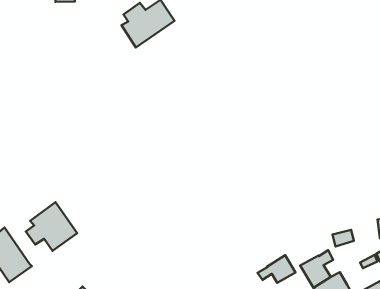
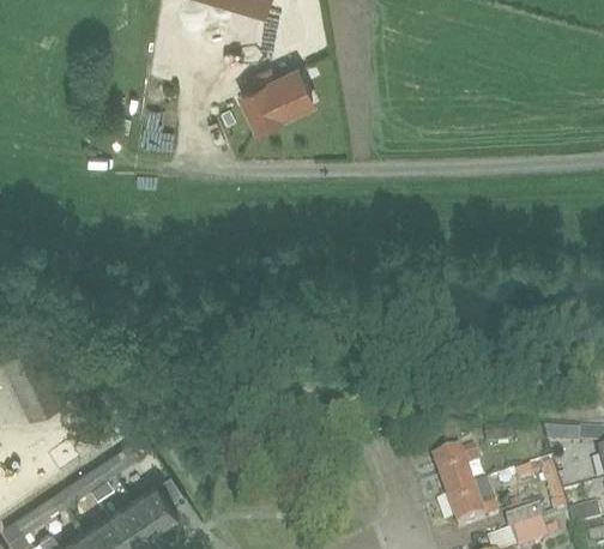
building: [26,202,77,251] -> none
building: [258,255,295,283] -> none

